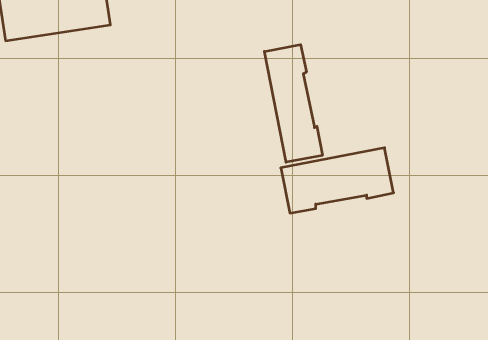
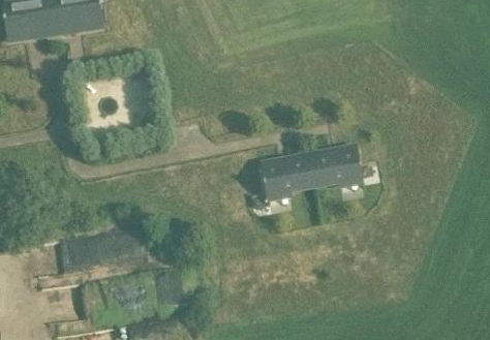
building: [264,45,322,162] -> none

